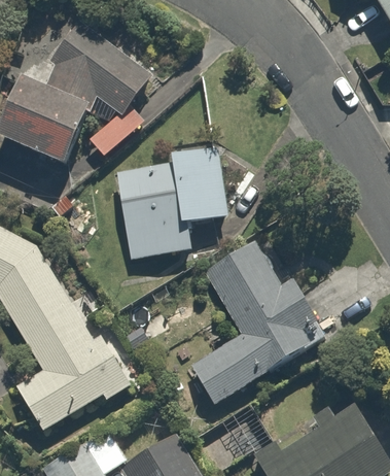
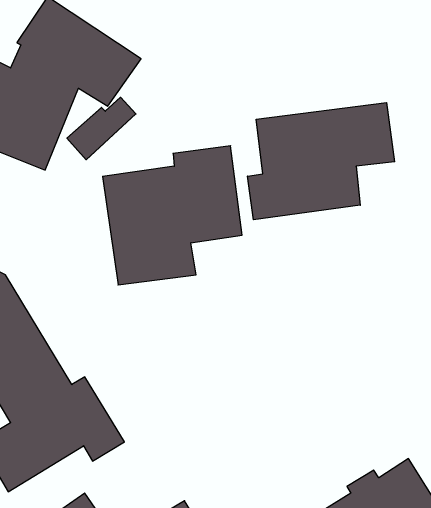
building: none -> [248,103,395,220]
building: [190,239,322,403] -> none

